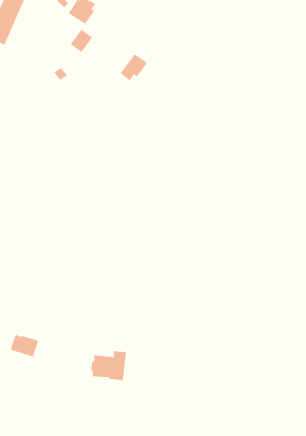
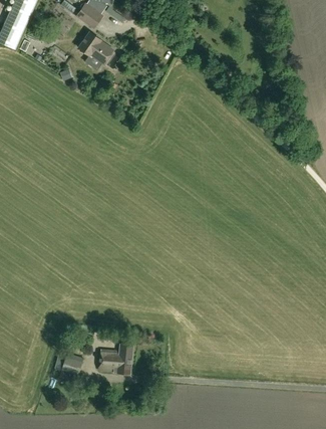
building: [120,53,148,81] -> [86,40,113,67]
building: [10,334,39,357] -> [55,352,83,374]

